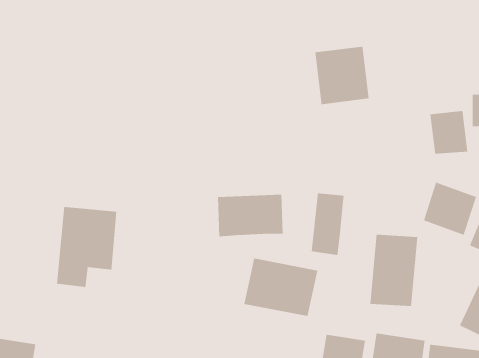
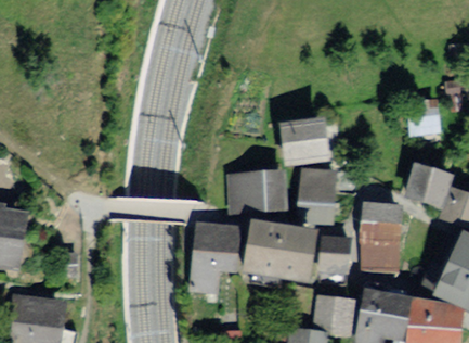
building: [315,46,369,105] -> [276,117,324,168]
building: [56,206,117,288] -> [190,219,243,290]
building: none -> [318,232,349,271]

